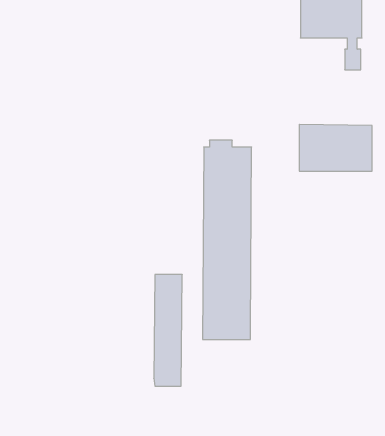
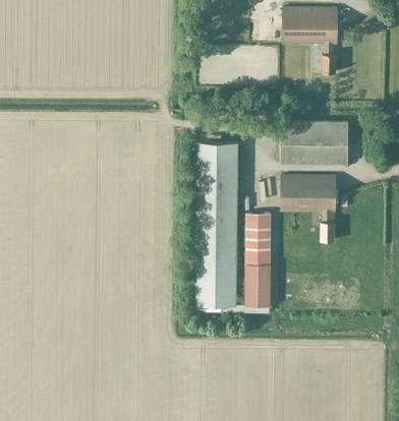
building: none -> [280,175,335,240]
building: [154,275,182,386] -> [244,213,270,312]

